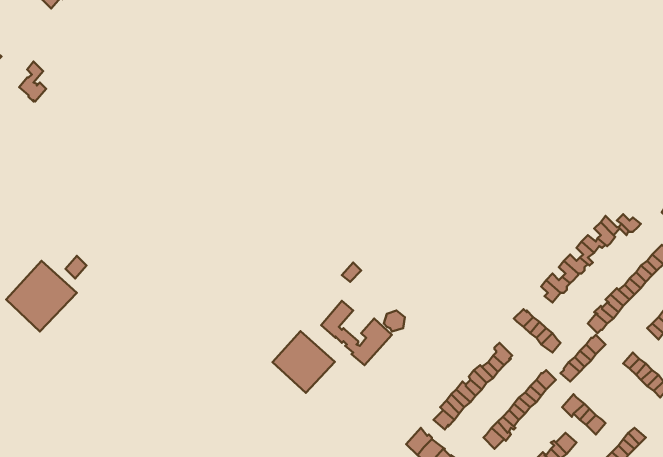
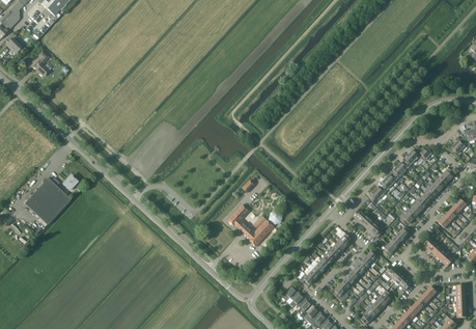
building: [273,331,335,393] -> none

